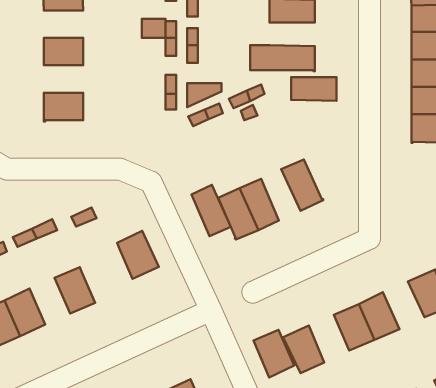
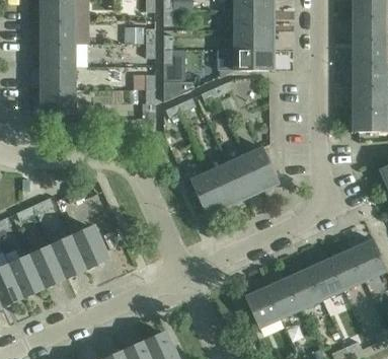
building: none -> [42,19,75,43]
building: none -> [42,66,75,89]
building: [291,77,337,101] -> [233,29,271,50]
building: [191,185,231,236] -> [226,154,259,198]
building: [117,231,159,279] -> [72,227,107,268]
building: none -> [29,246,64,286]
building: none -> [329,249,365,290]
building: [254,330,294,378] -> [266,278,301,318]

